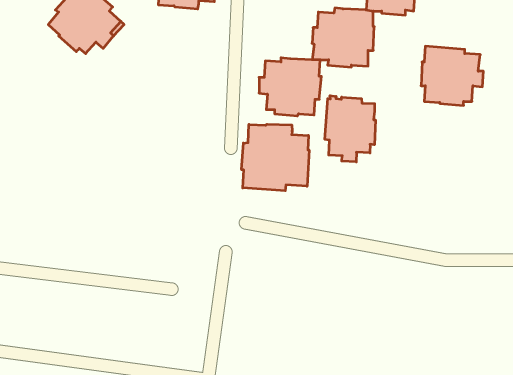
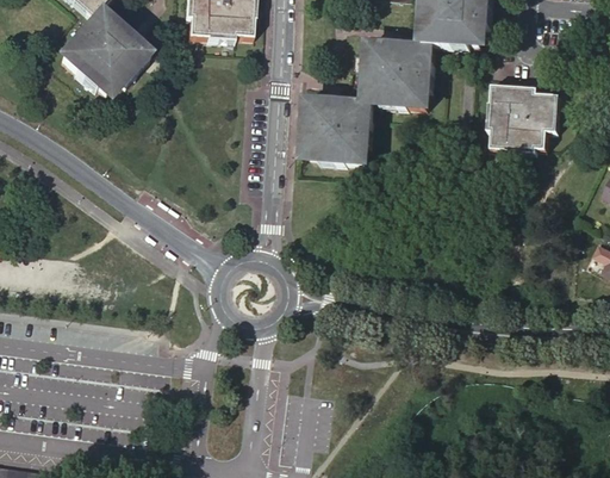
building: [325,96,375,162] -> none
building: [242,124,309,191] -> none

